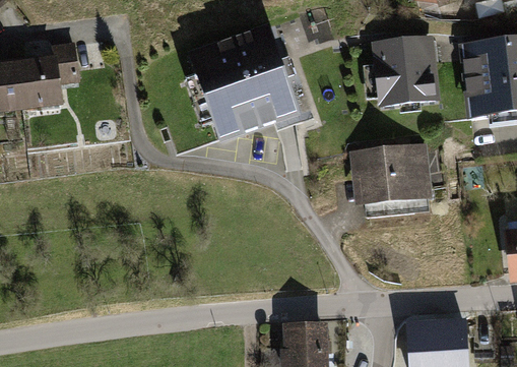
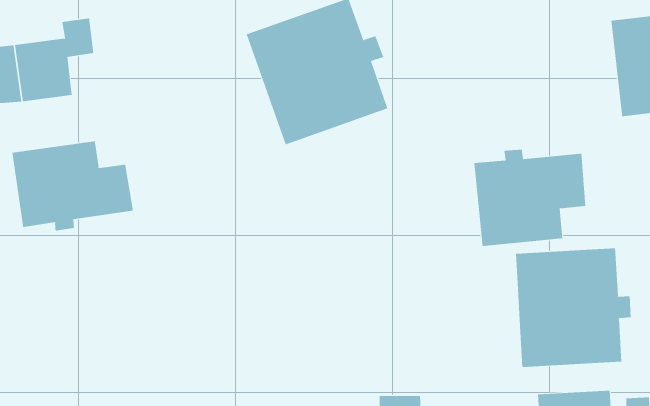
building: [375,38,435,104] -> none
building: none -> [12,141,133,232]
building: none -> [515,248,631,368]

